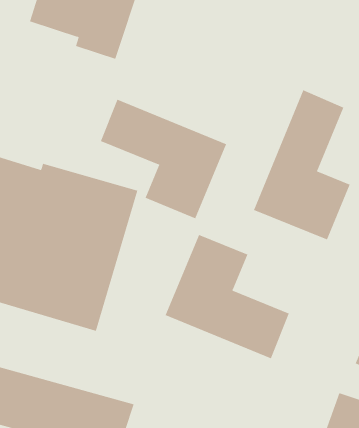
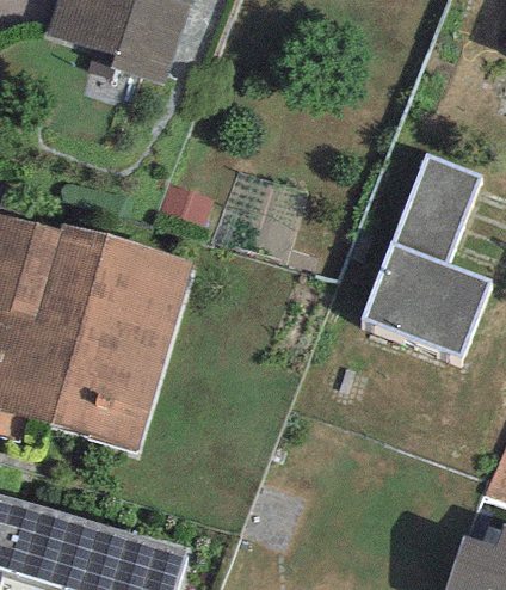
building: [100,99,227,219] -> none
building: [165,234,290,359] -> none

